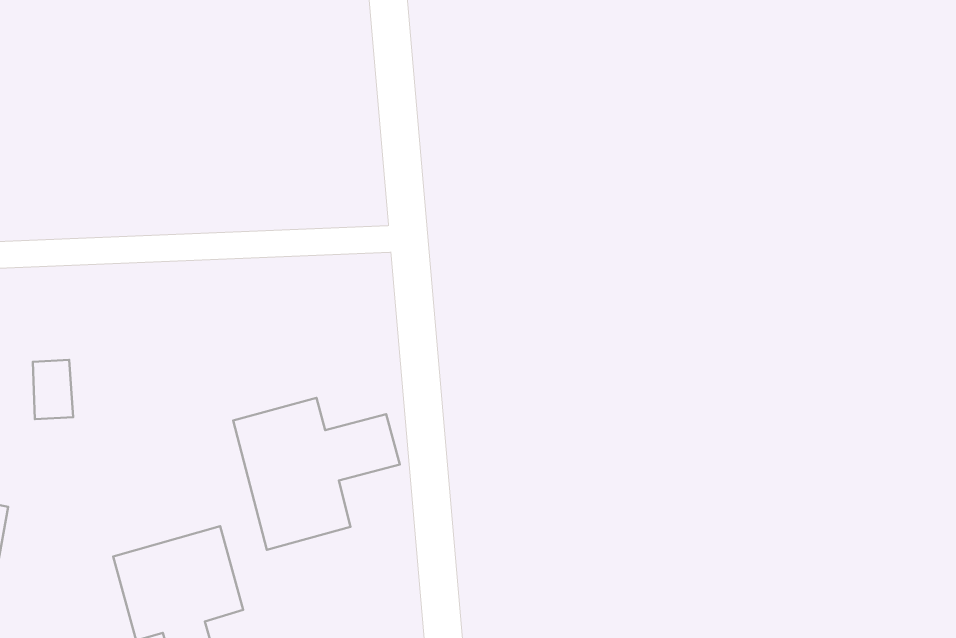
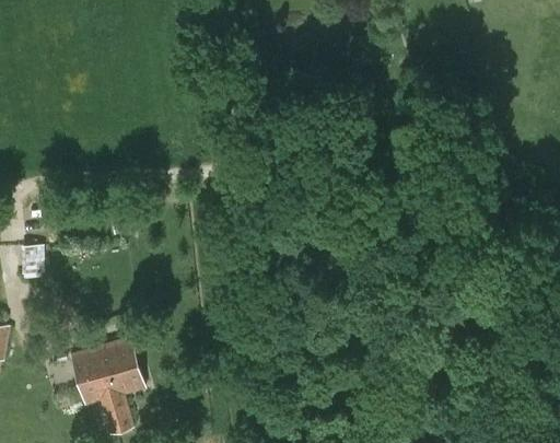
building: [233,398,400,550] -> none

